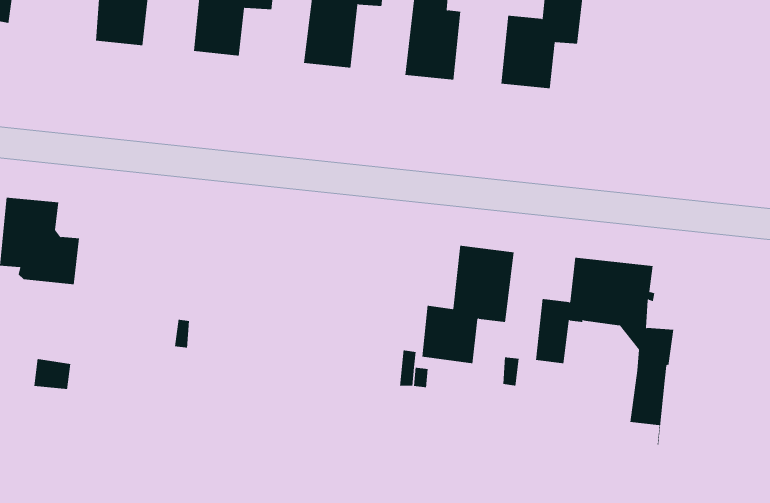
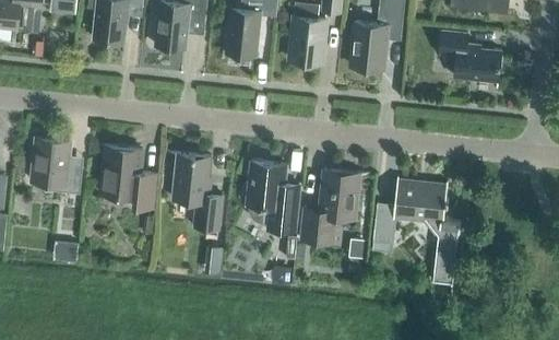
building: none -> [439,32,501,83]
building: none -> [102,146,154,209]
building: none -> [171,154,223,231]
building: none -> [247,162,299,232]

